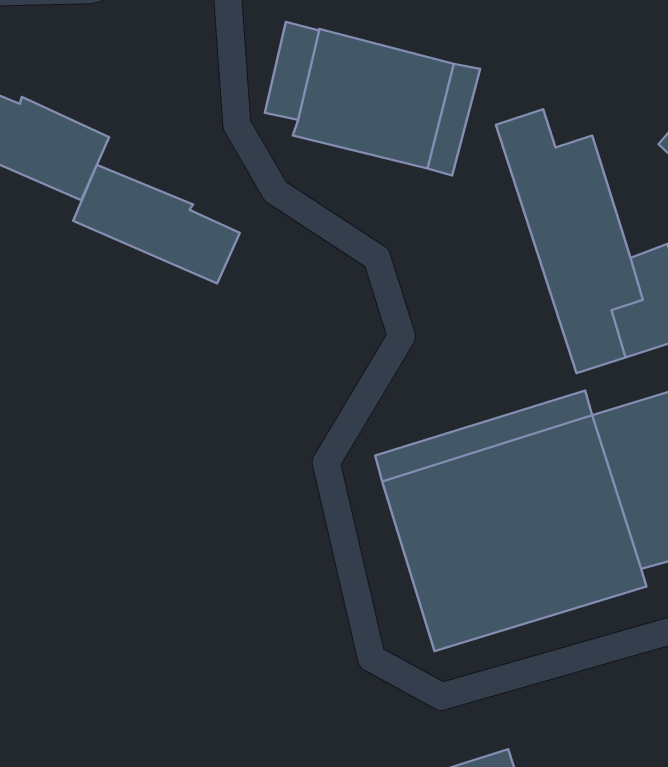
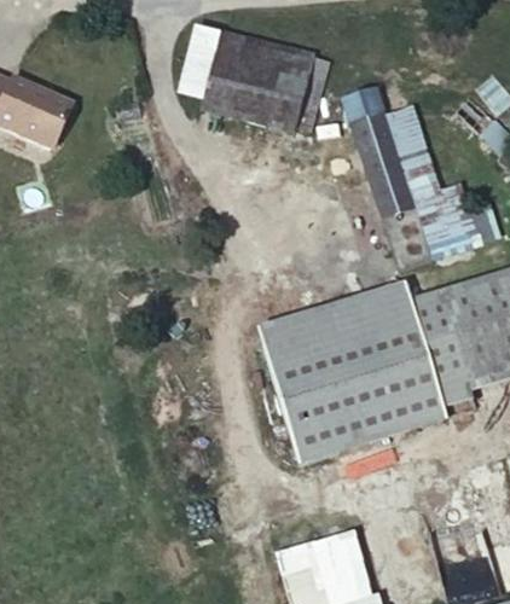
building: [73,165,240,283] -> none

